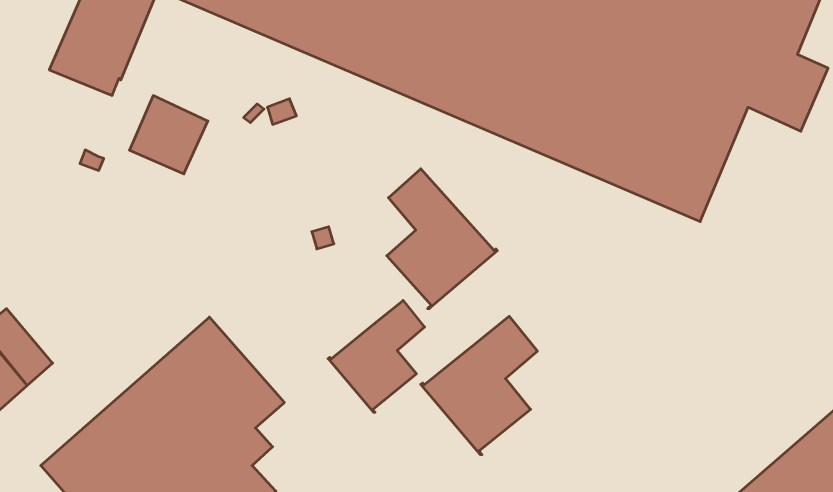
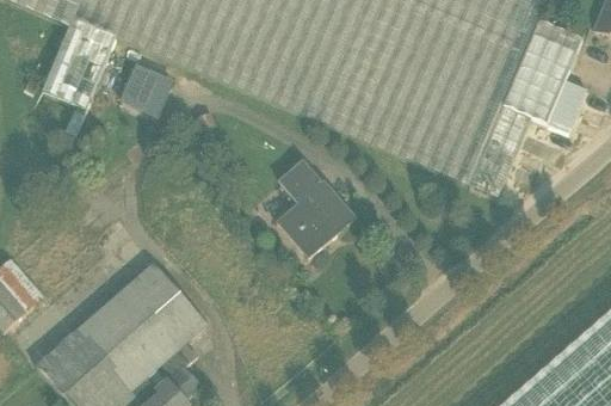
building: [129,96,208,174] -> [119,61,174,116]
building: [328,300,425,412] -> none
building: [421,316,537,455] -> none

